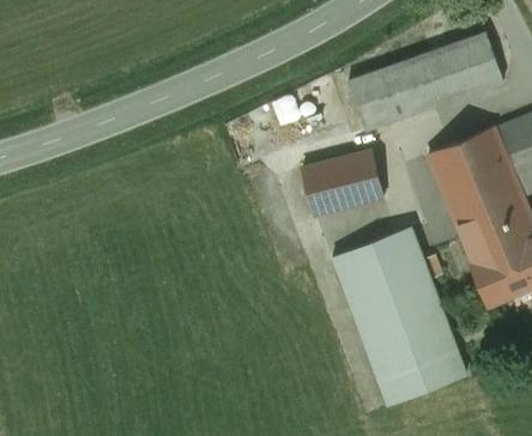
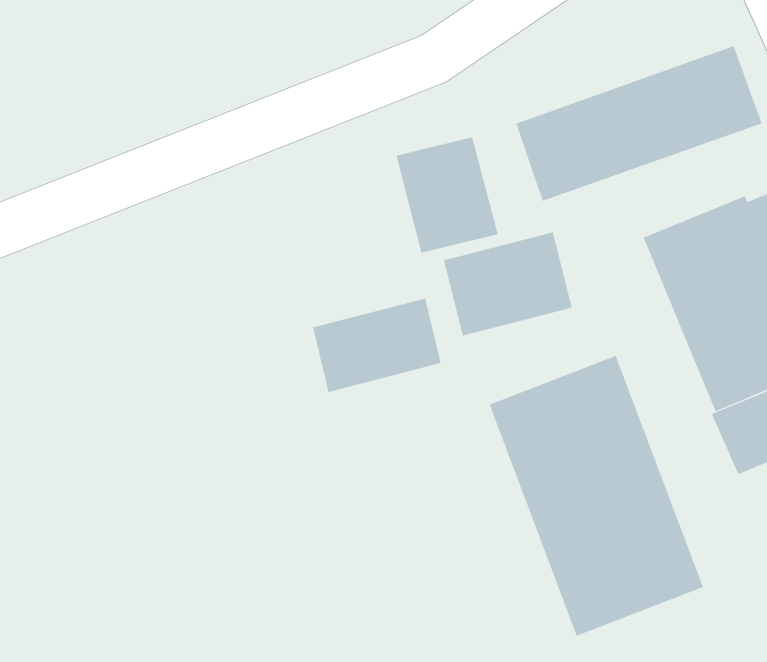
building: none -> [396,137,498,253]
building: none -> [312,298,441,393]

